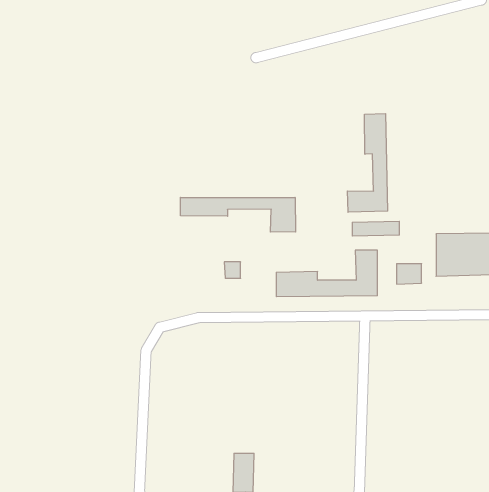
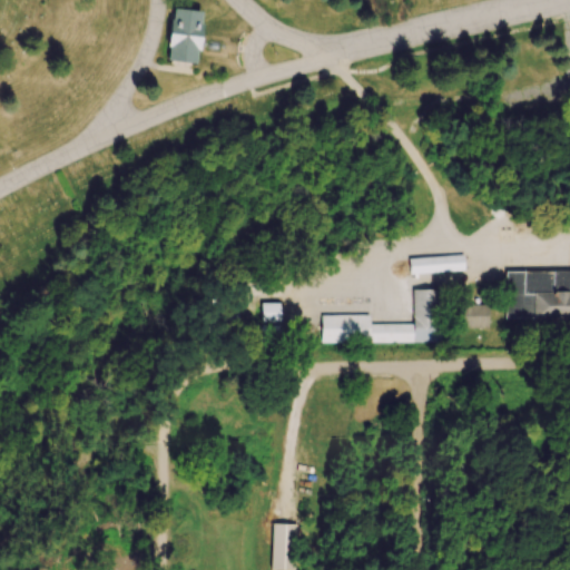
building: none -> [168,9,204,63]
building: [347,114,388,212] -> none
building: [180,197,296,232] -> none

